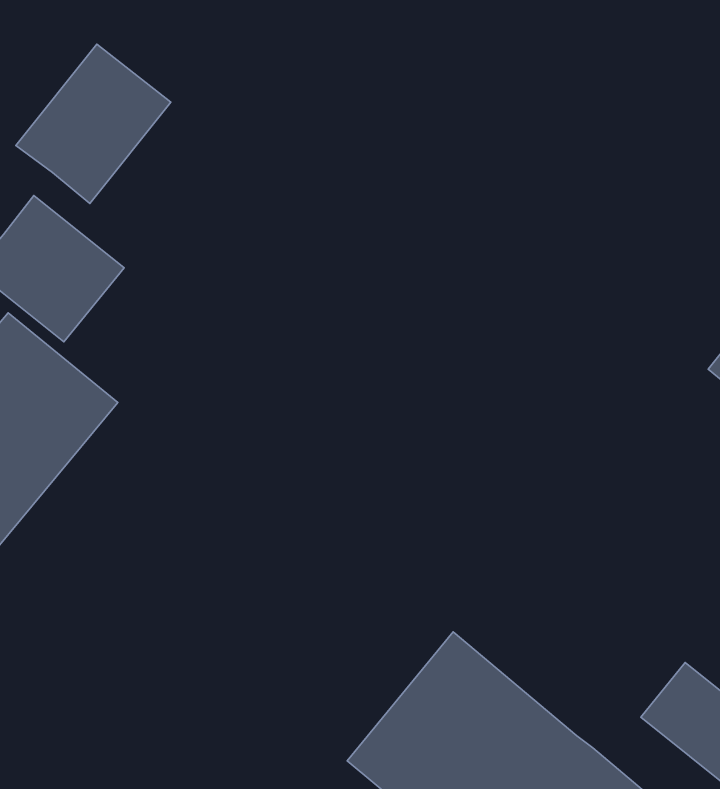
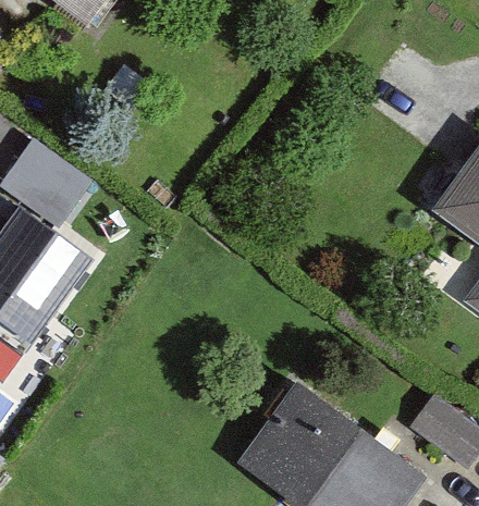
building: [16,44,171,204] -> none

